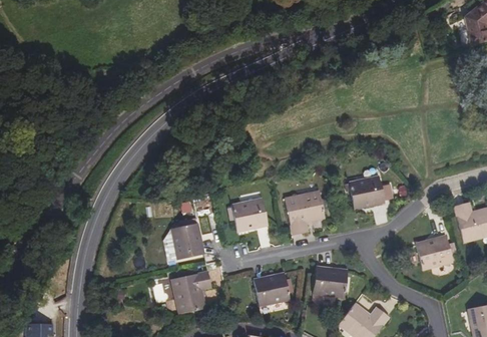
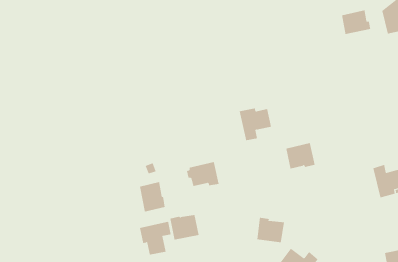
building: none -> [341,10,371,35]
building: [285,195,325,235] -> [239,108,272,141]
building: [416,236,452,271] -> none
building: [254,275,290,306] -> [170,215,199,240]

